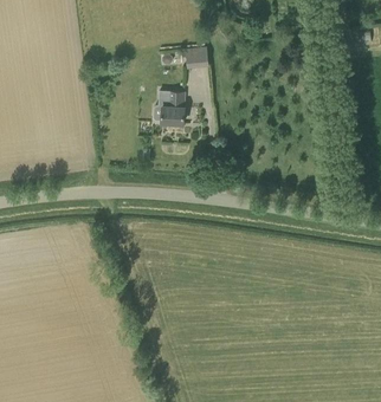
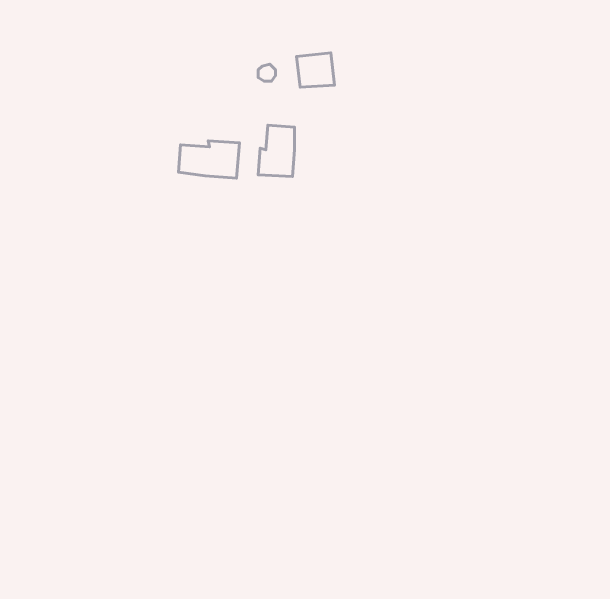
building: none -> [179,141,240,178]

